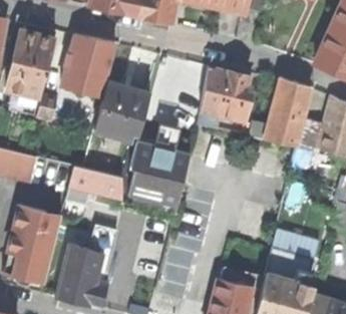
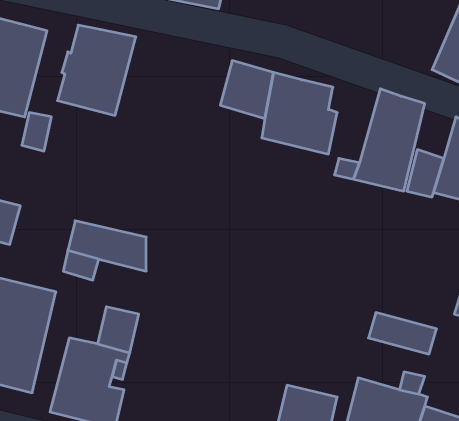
building: [93,82,149,141] -> none
building: [129,143,189,205] -> none

